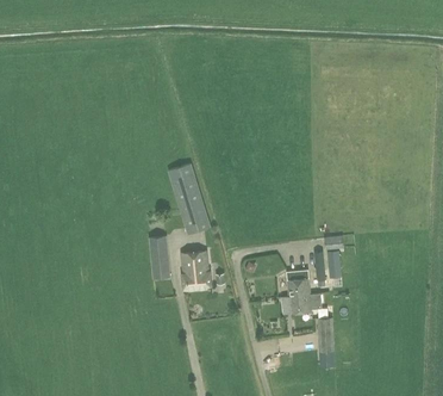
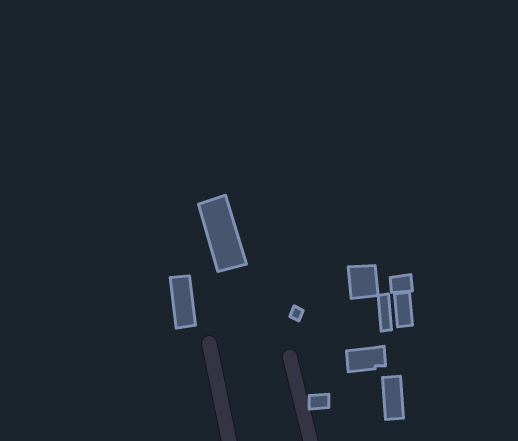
building: [180,248,211,289] -> none
building: [286,268,310,295] -> [348,265,378,298]

